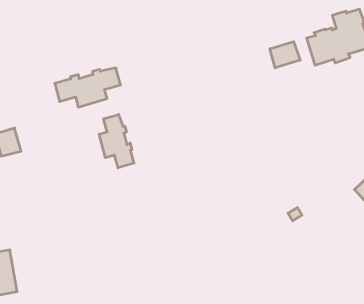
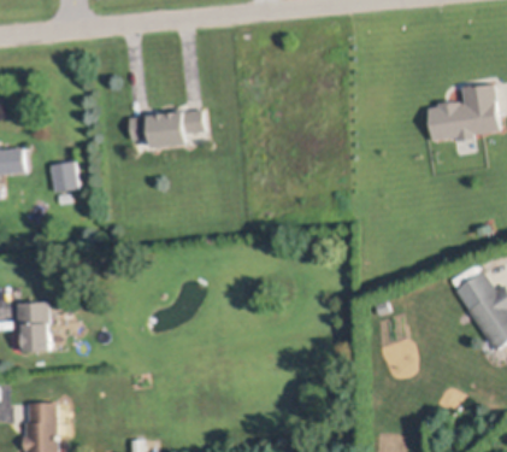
building: [270,42,300,68] -> none
building: [99,114,134,168] -> none

